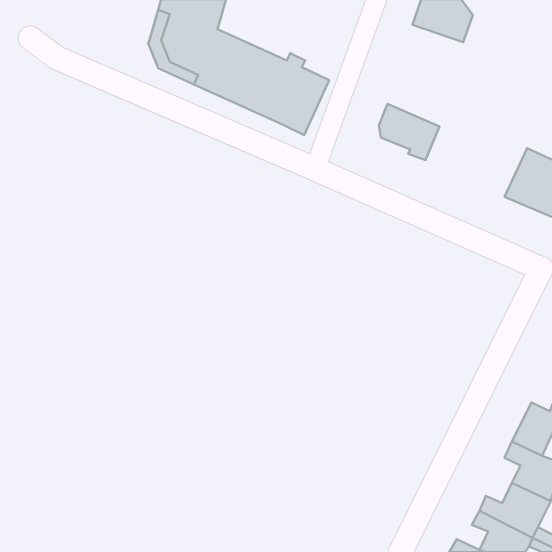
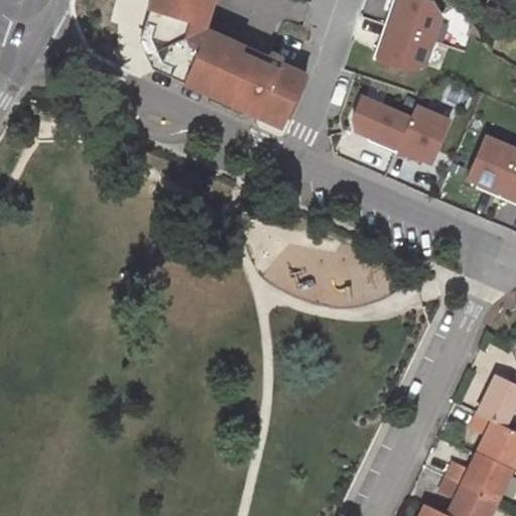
building: none -> [374,23,432,69]
building: none -> [396,106,450,162]

